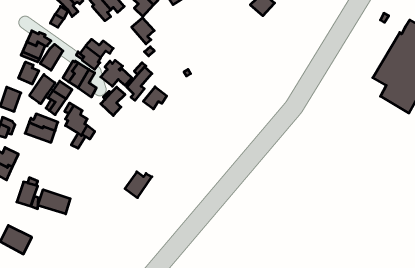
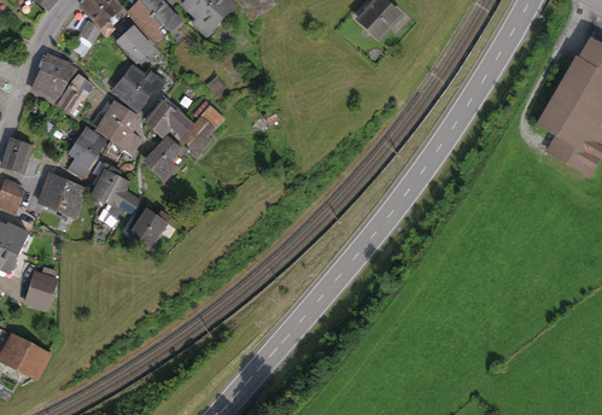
building: [132,18,154,44] -> [119,28,152,65]
building: [19,62,39,84] -> none
building: [30,74,55,104] -> none
building: [143,87,167,109] -> none
building: [125,172,152,198] -> [130,209,169,246]
building: [38,190,70,214] -> none

